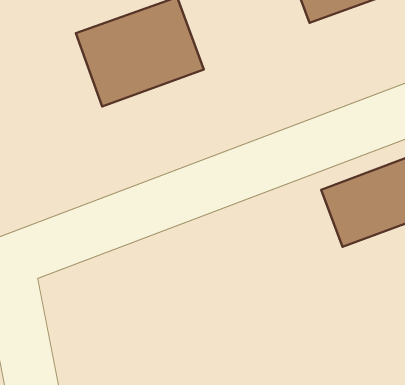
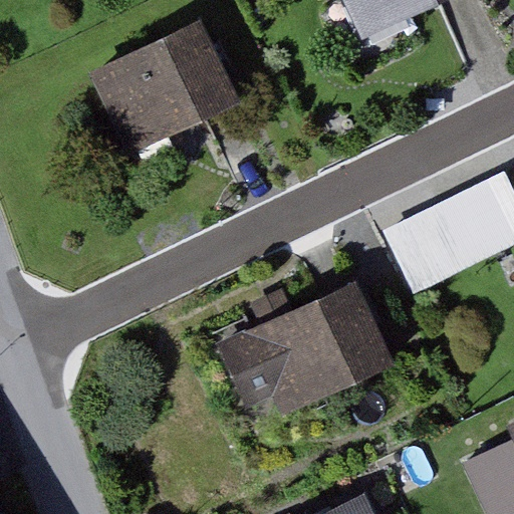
building: none -> [243,282,393,419]

